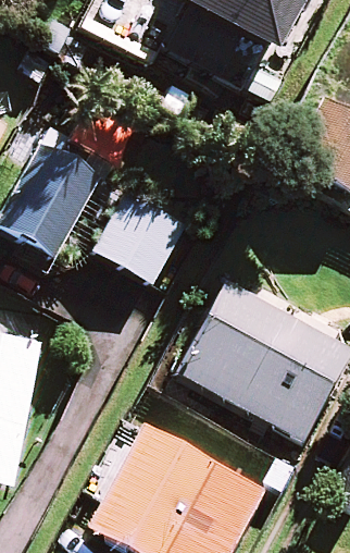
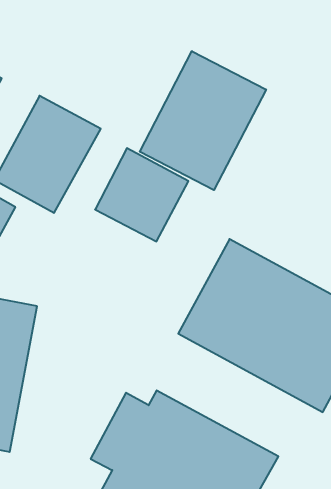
building: none -> [140,51,266,190]

